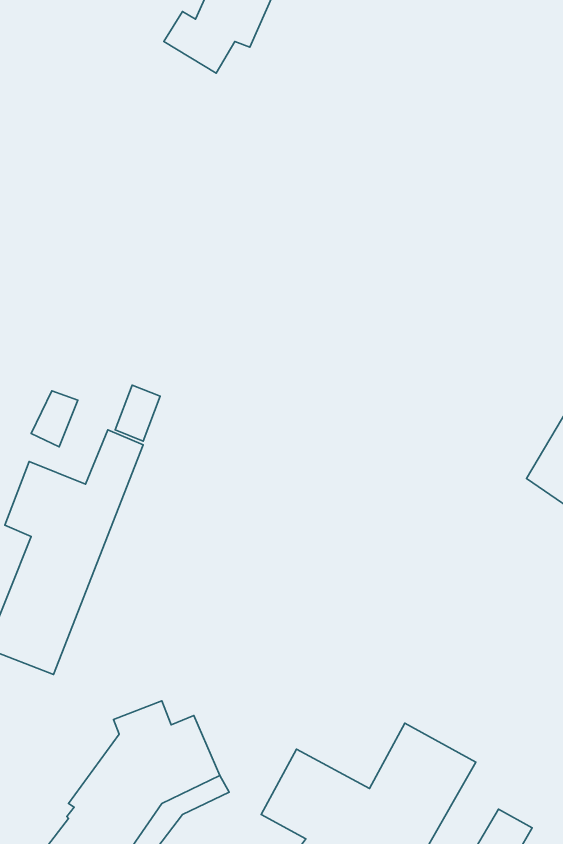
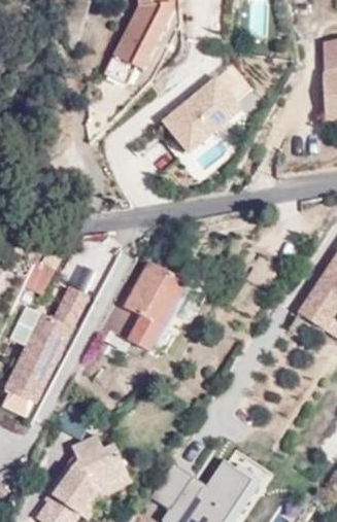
building: none -> [161,76,244,158]
building: none -> [109,263,189,351]

